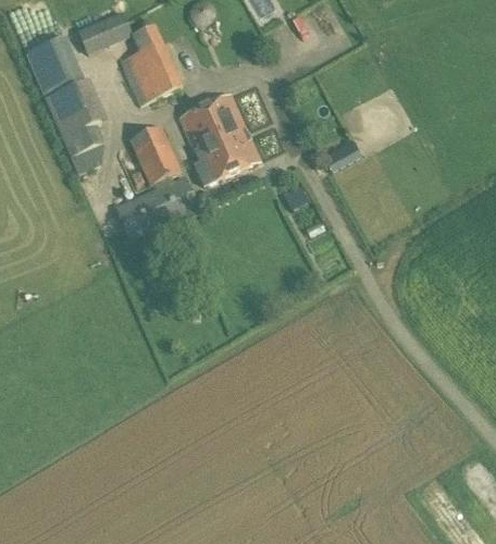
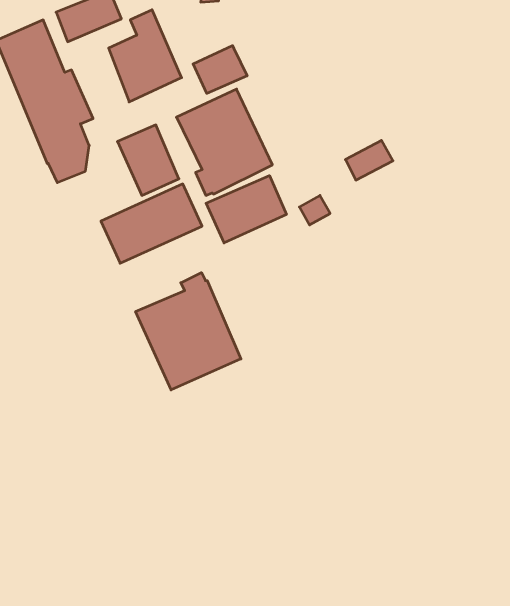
building: none -> [193,46,247,93]
building: none -> [206,176,286,243]
building: none -> [136,273,241,390]

